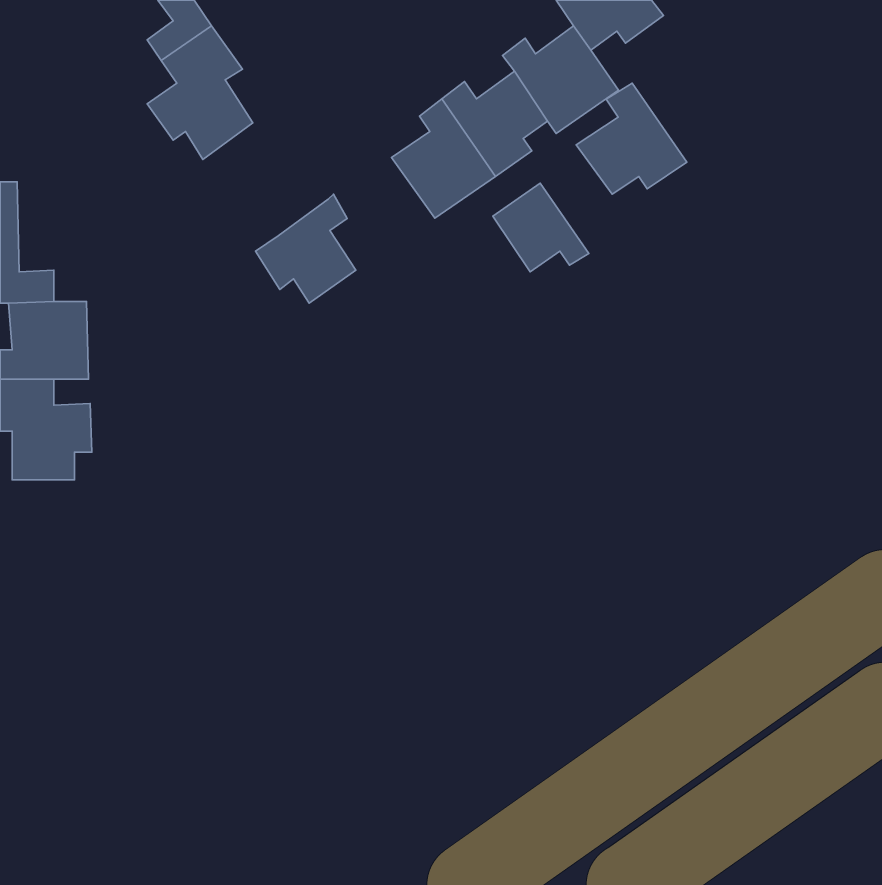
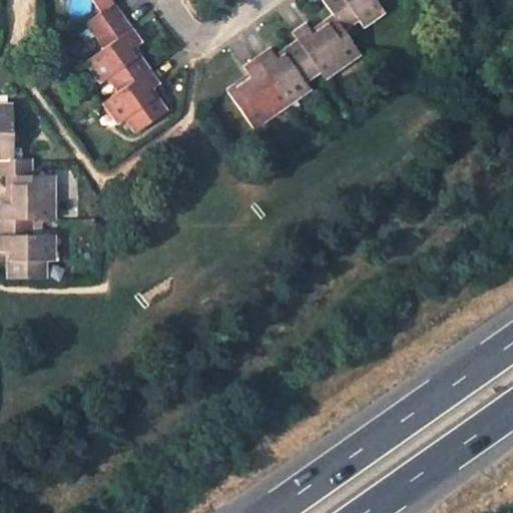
building: [576,83,687,194] -> none
building: [493,183,589,272] -> none
building: [255,194,356,303] -> [106,68,164,131]

